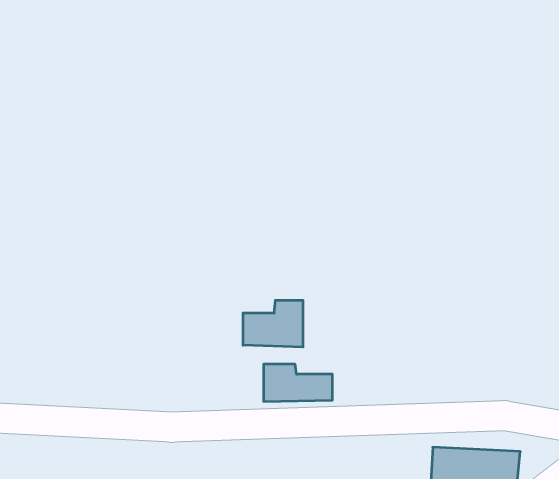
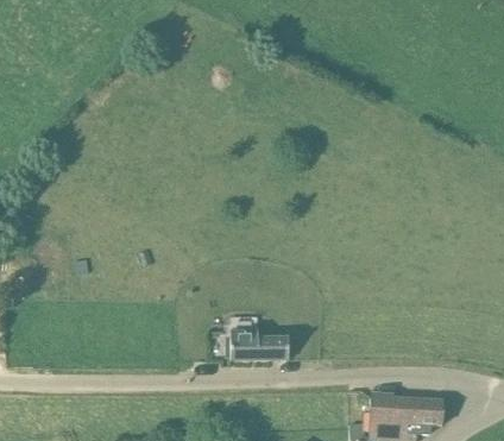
building: [243,300,303,347] -> none

